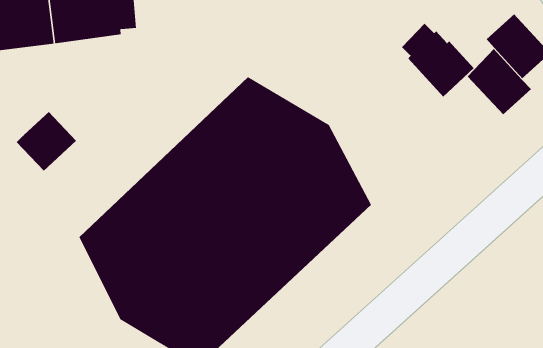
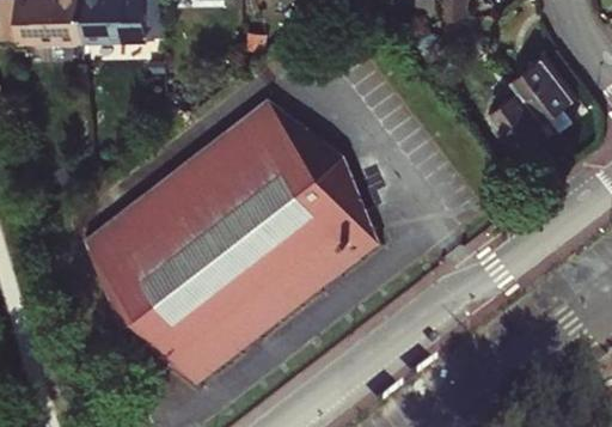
building: [401,23,475,98] -> none
building: [16,111,77,172] -> none

